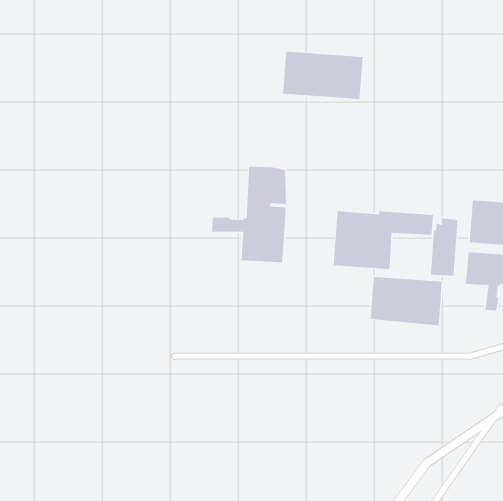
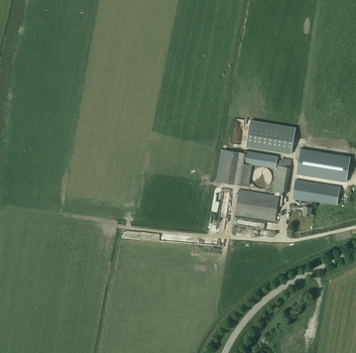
building: [282,51,363,100] -> [246,120,295,152]
building: [211,166,287,263] -> none

